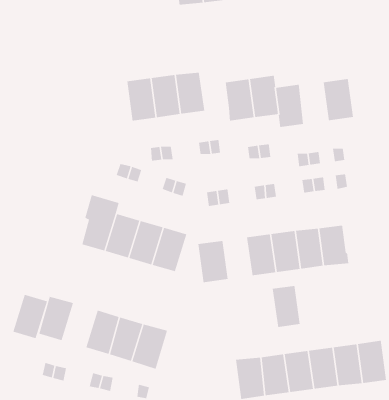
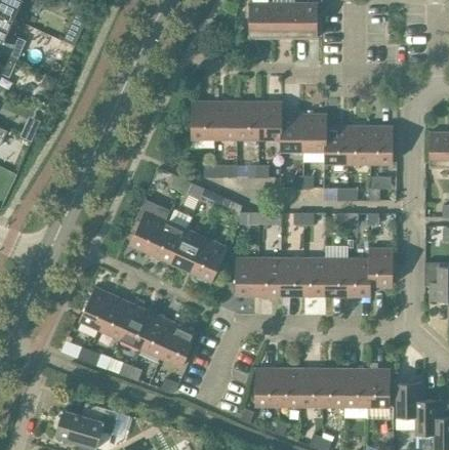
building: none -> [258,103,282,138]
building: none -> [346,126,369,163]
building: none -> [368,249,393,285]
building: [272,285,301,327] -> [258,258,280,294]
building: [12,294,48,339] -> [99,296,135,338]

